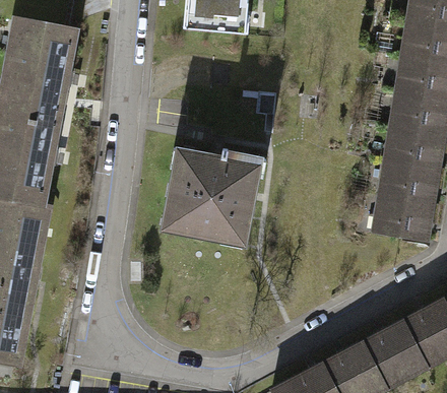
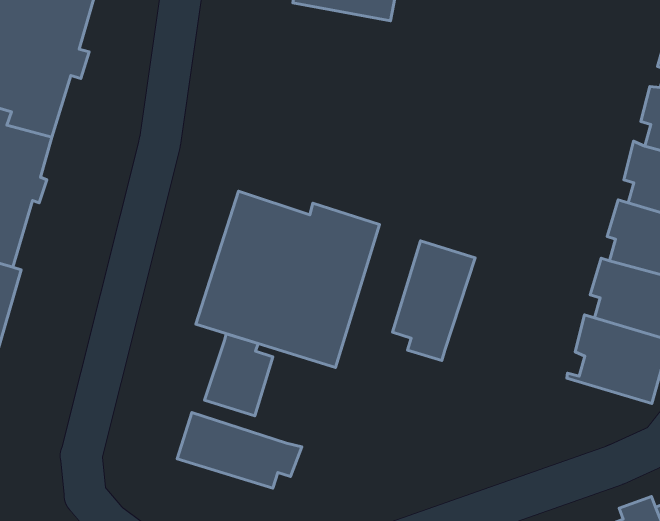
building: none -> [393,241,475,360]
building: none -> [204,334,273,416]
building: none -> [177,413,302,488]

